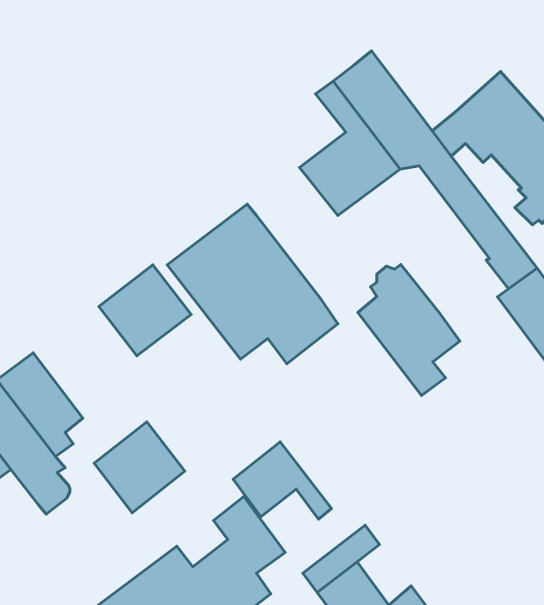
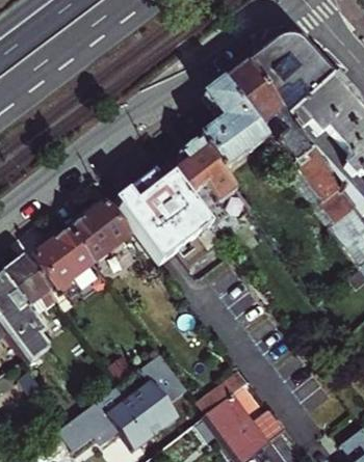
building: none -> [244,40,329,102]
building: [358,264,460,395] -> [170,138,236,223]
building: [94,422,185,513] -> [32,228,92,288]
building: [233,442,331,519] -> none

